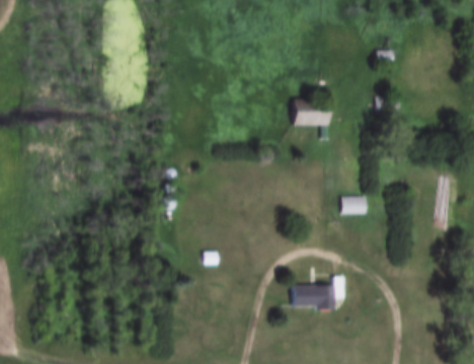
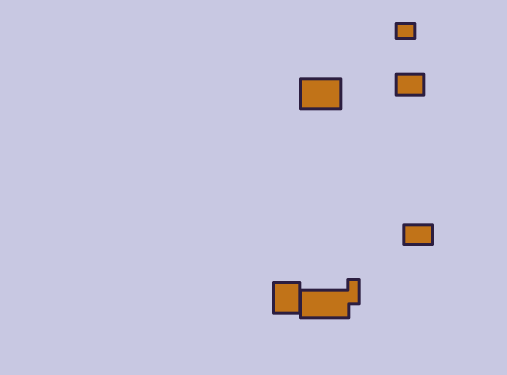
building: [341,196,367,213] -> [404,225,433,245]
building: none -> [274,283,300,313]

